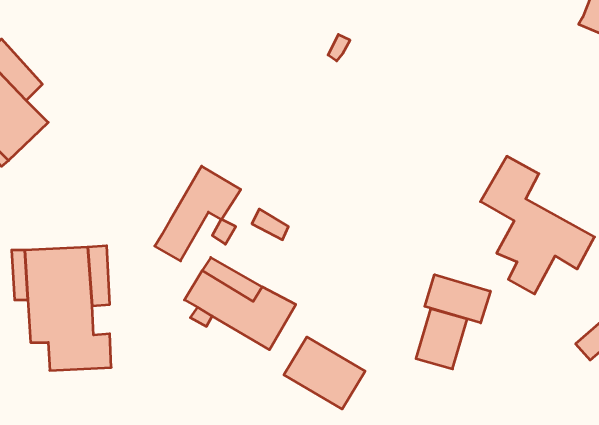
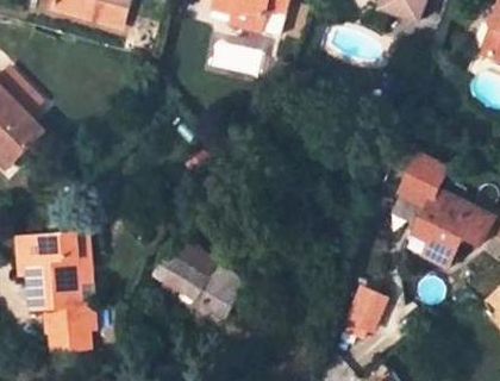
building: [155,166,241,261] -> none
building: [425,275,490,323] -> none
building: [284,337,365,409] -> none

